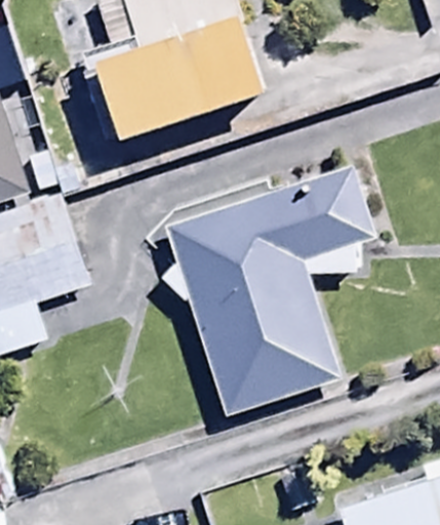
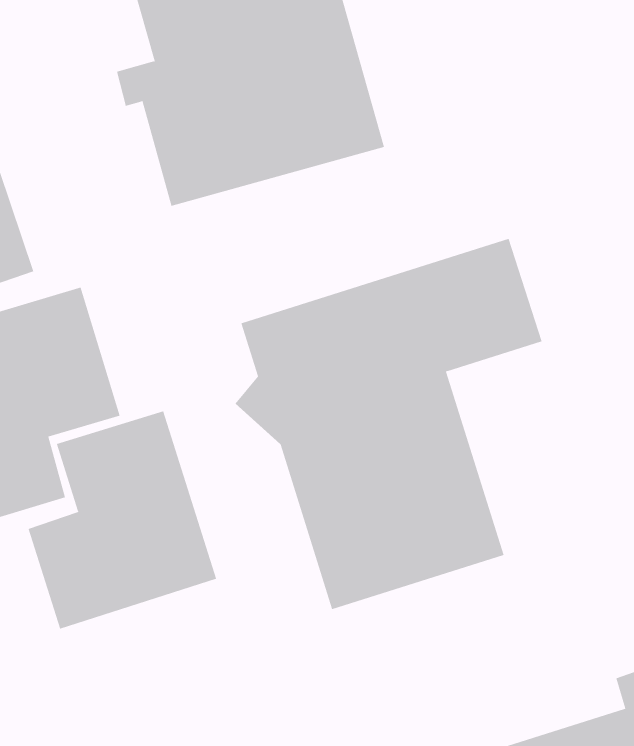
building: none -> [28,410,217,629]

